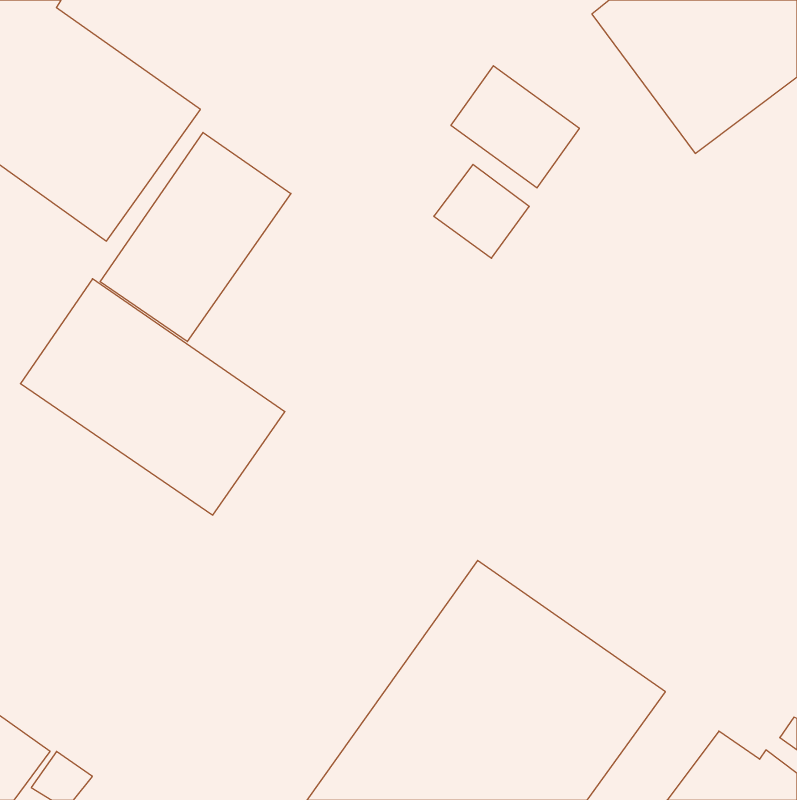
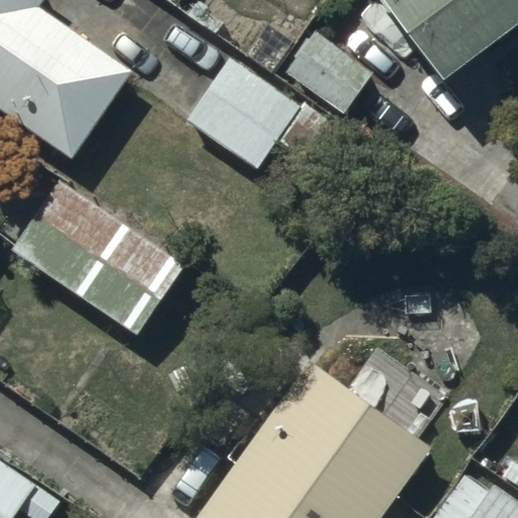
building: none -> [187,56,300,167]
building: [100,132,291,342] -> none

